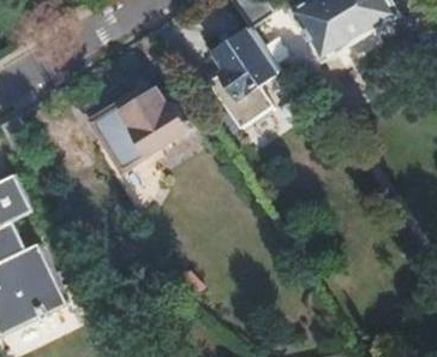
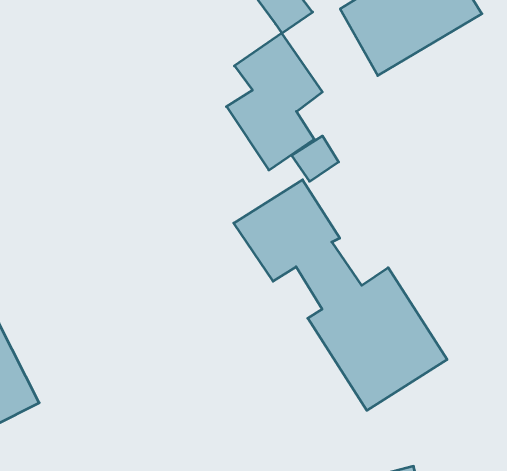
building: [91,87,190,171] -> none
building: none -> [234,180,447,410]

